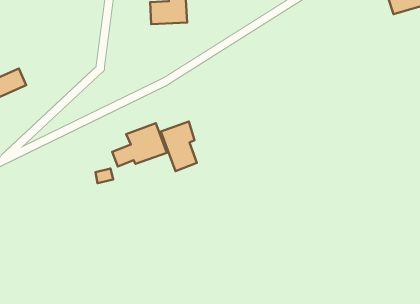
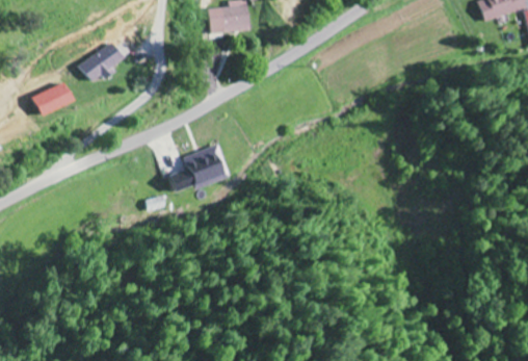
building: none -> [79,42,123,81]
building: [161,122,197,171] -> none

